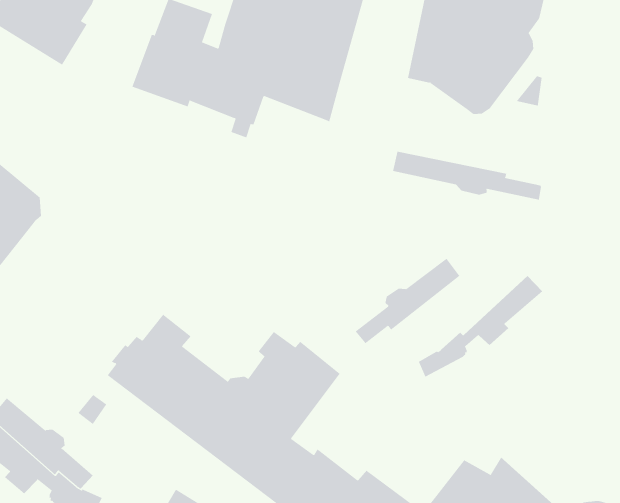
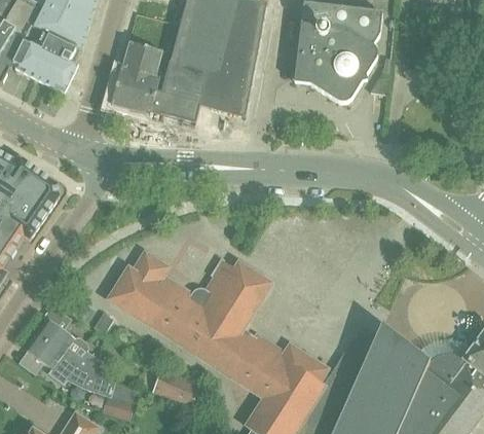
building: [393,151,543,200] -> none
building: [355,258,460,344] -> none
building: [418,275,543,377] -> none

